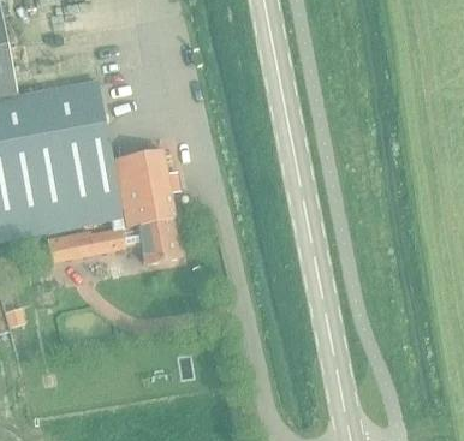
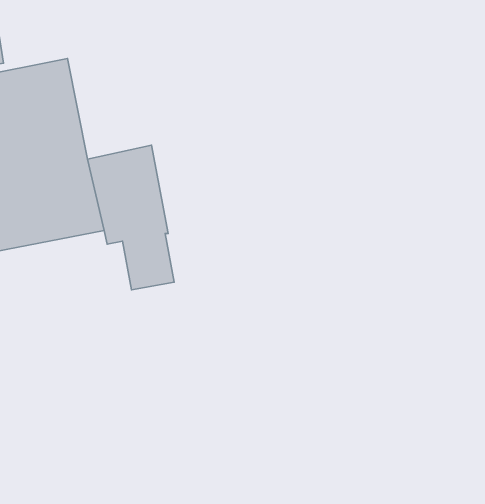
building: [60,230,123,261] -> none

